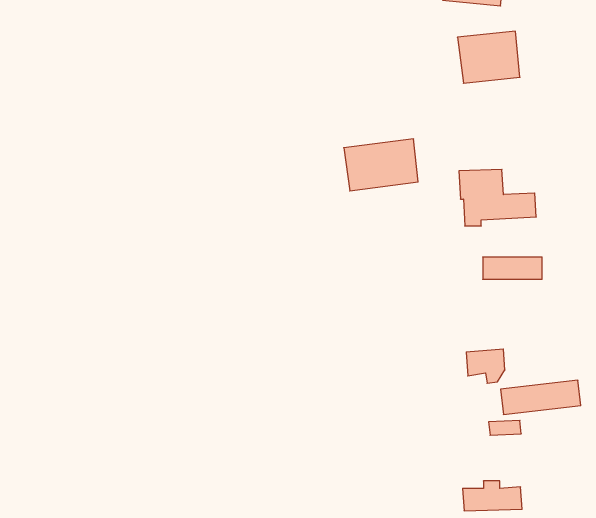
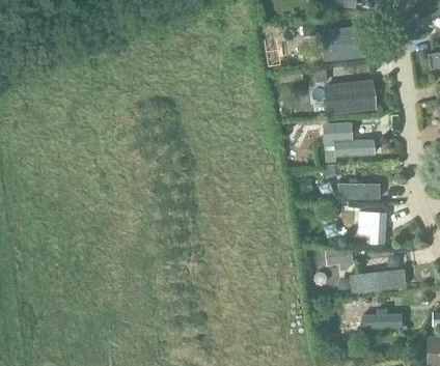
building: [344,139,418,191] -> [324,79,376,115]
building: none -> [358,212,386,245]
building: [463,481,522,511] -> [362,309,404,330]

